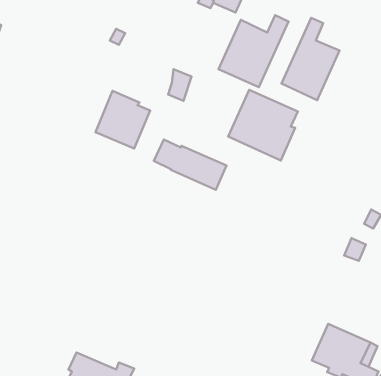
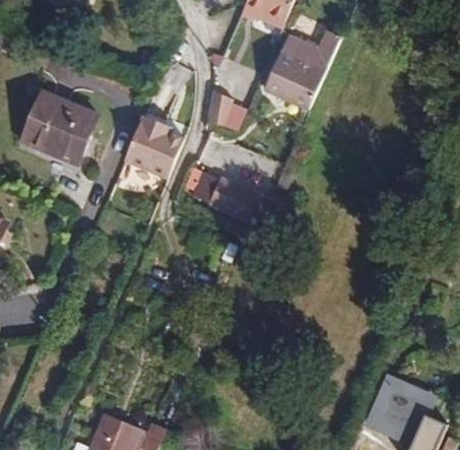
building: [281,18,339,100] -> none
building: none -> [21,90,97,164]
building: [228,90,298,161] -> none

